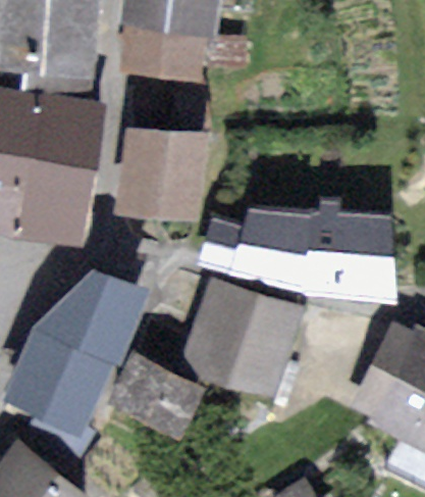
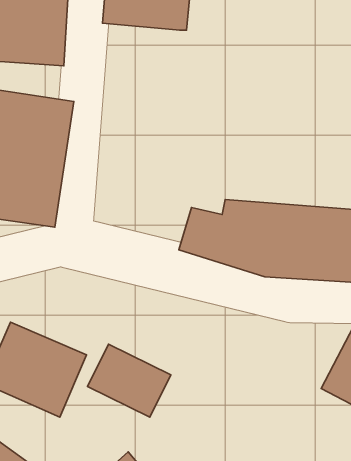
building: [126,26,209,79] -> none
building: [126,131,201,213] -> none
building: [35,270,146,367] -> none
building: [184,282,299,389] -> none

